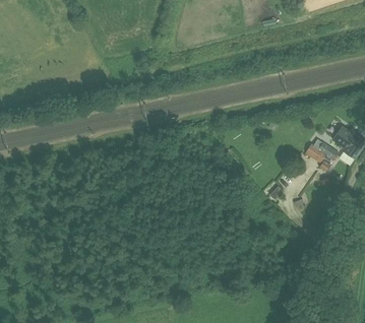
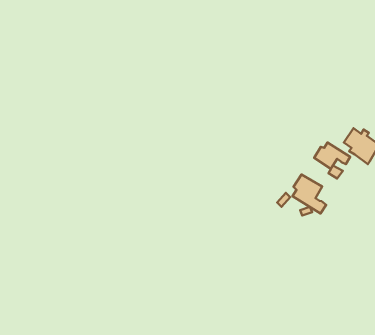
building: none -> [293,174,326,213]

